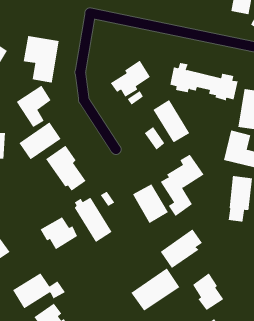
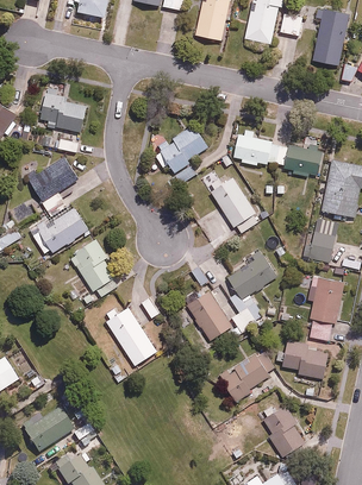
building: [40,216,78,250] -> none
building: none -> [276,340,327,378]
building: [131,268,180,312] -> none

